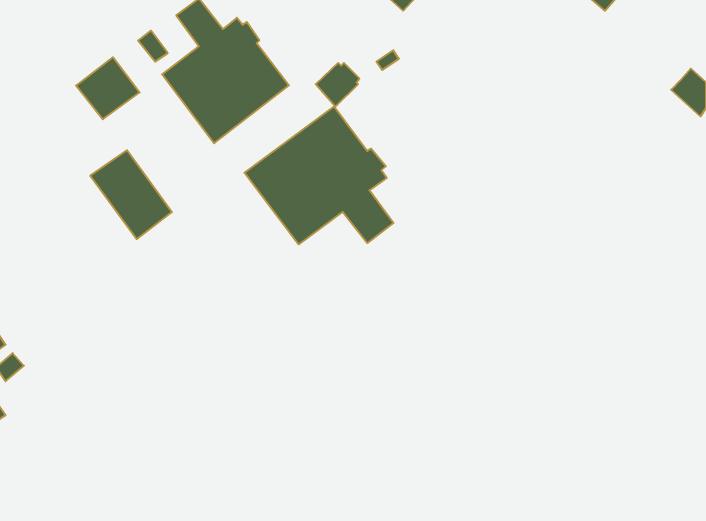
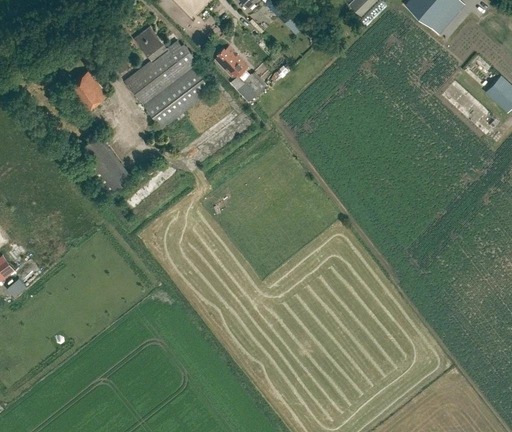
building: none -> [213,47,246,80]
building: [244,107,394,244] -> none

